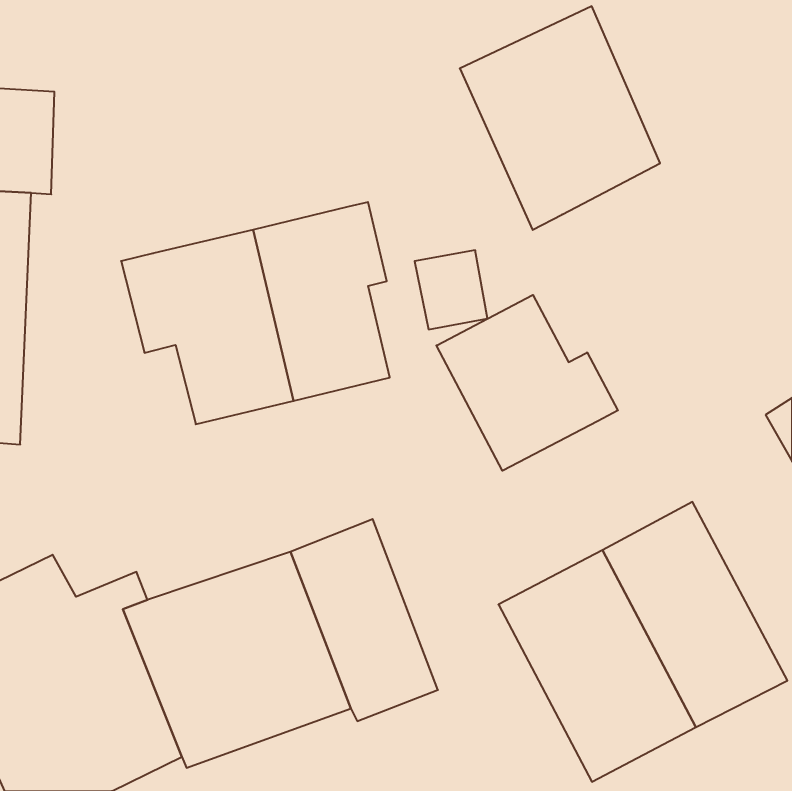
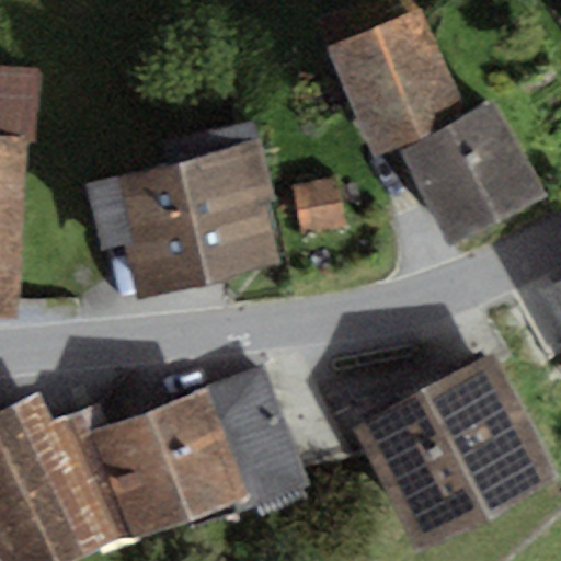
building: none -> [397,100,543,244]
building: [436,295,618,471] -> none

